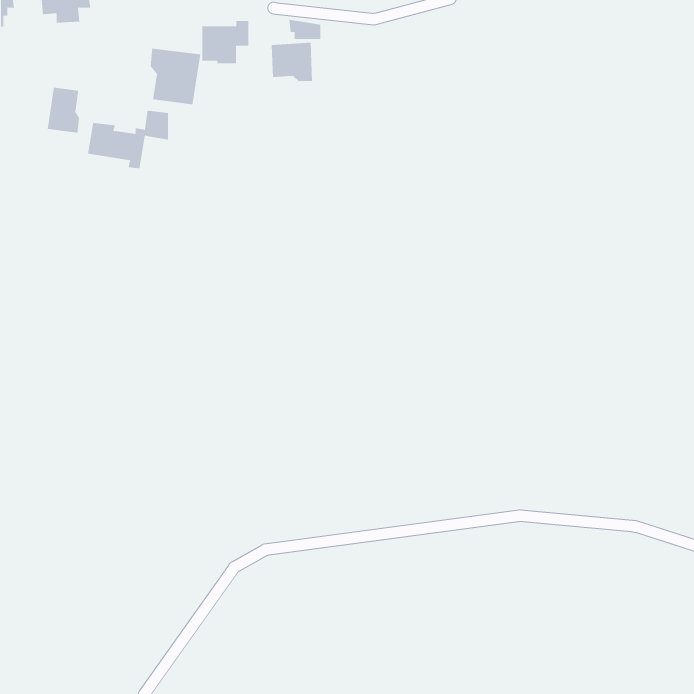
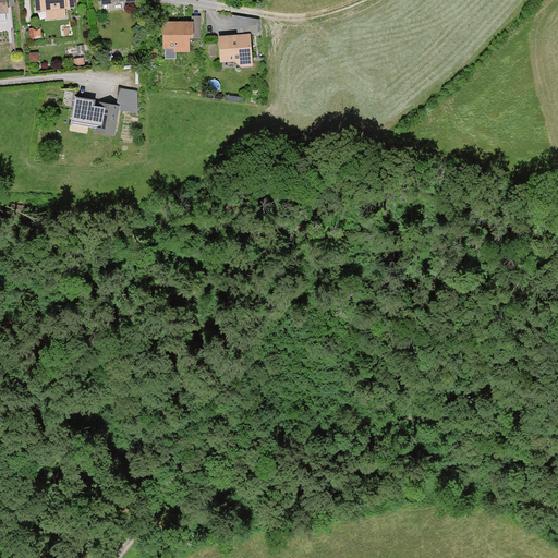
building: [150,48,201,105] -> none
building: [47,87,79,133] -> none

